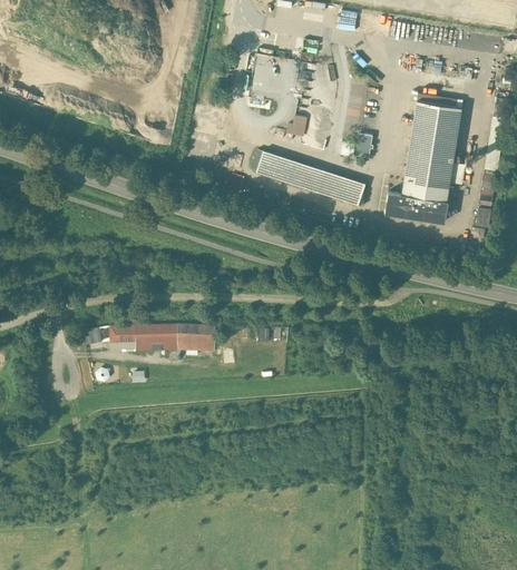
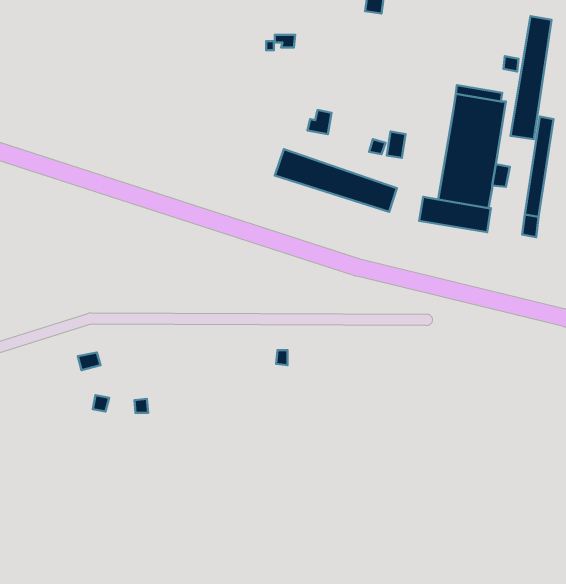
building: none -> [510,16,551,139]
building: [110,325,215,354] -> none

